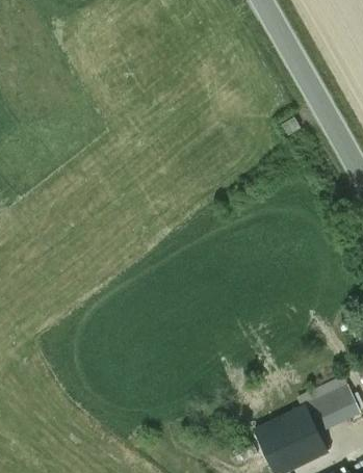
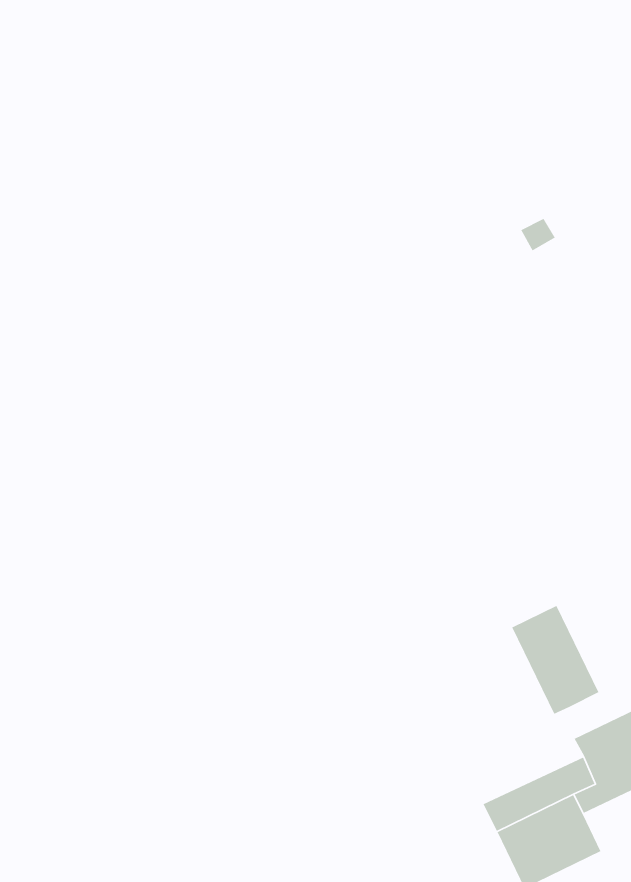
building: none -> [511,605,599,715]

